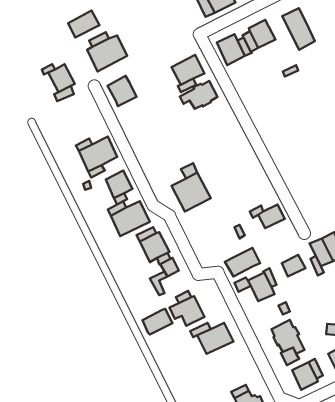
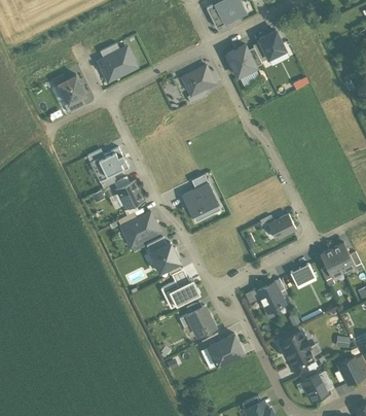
building: [282,8,315,50] -> none
building: [68,11,99,37] -> none
building: [108,76,137,106] -> none
building: [180,81,218,109] -> none
building: [225,248,260,276] -> none
building: [143,309,172,334] -> [170,280,199,306]

